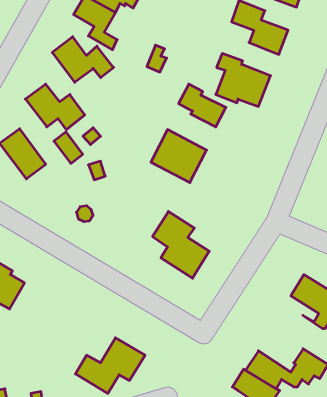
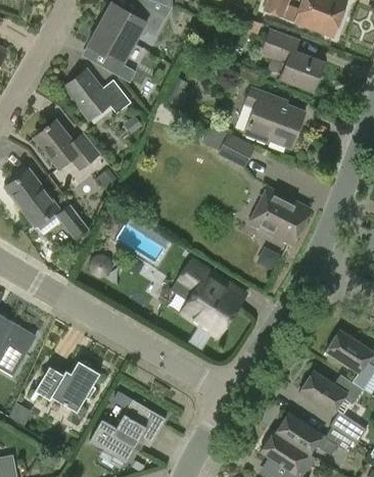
building: [151,130,207,183] -> [248,186,310,244]
building: [54,132,83,163] -> [56,204,88,239]
building: none -> [37,360,99,412]
building: none -> [300,372,361,414]

